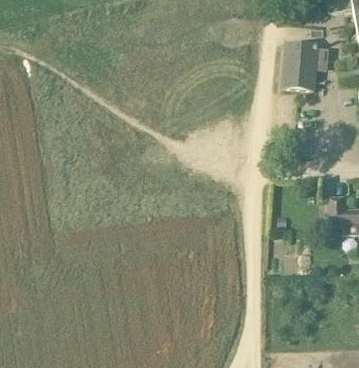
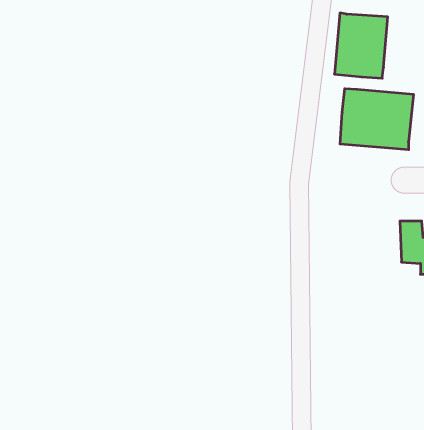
building: none -> [340,89,413,150]

